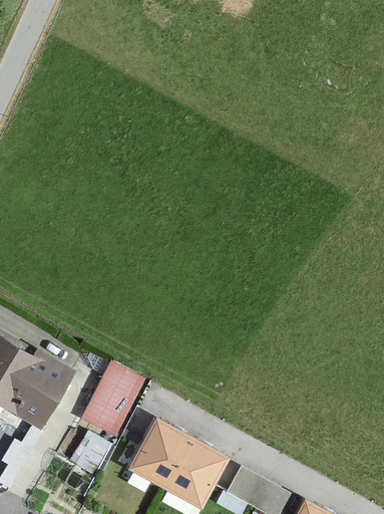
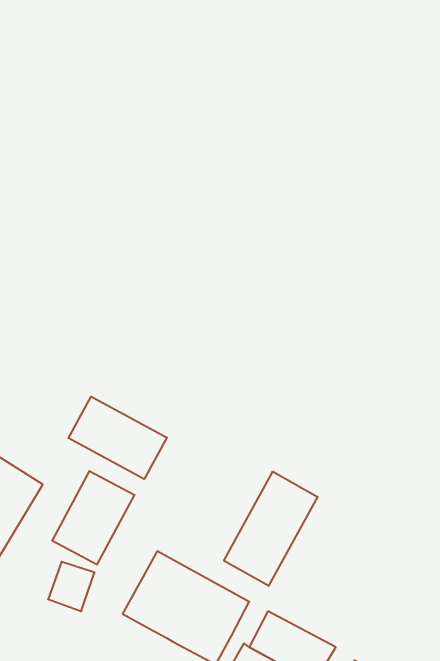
building: none -> [68,397,167,479]
building: none -> [224,472,318,586]

